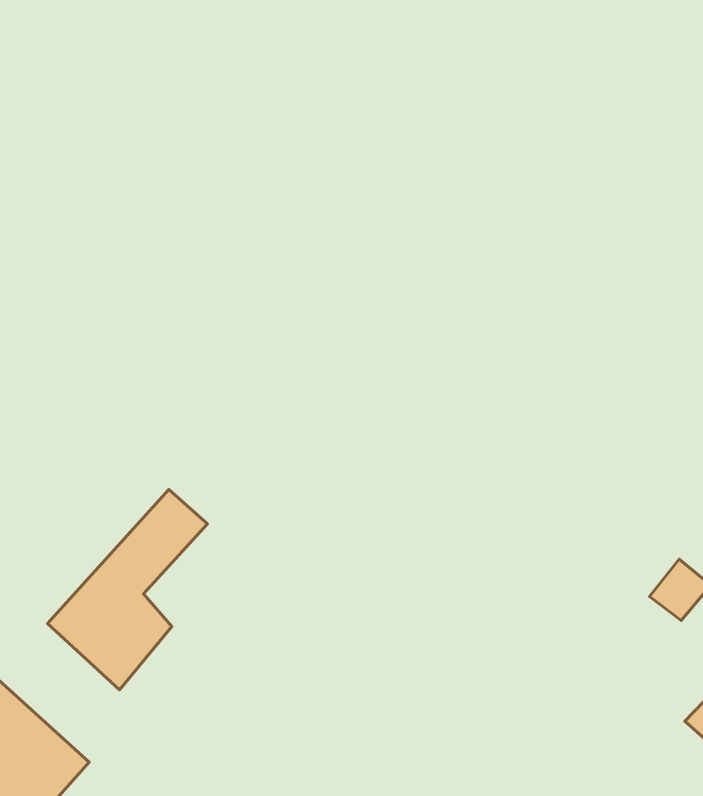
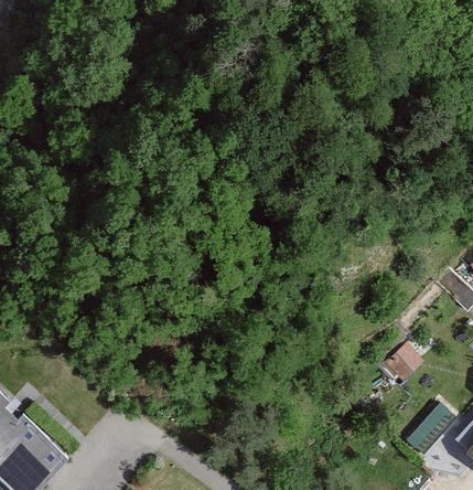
building: [48,489,207,690] -> none

